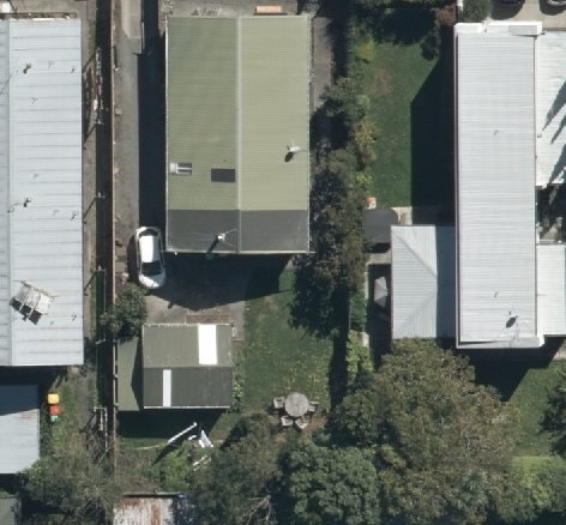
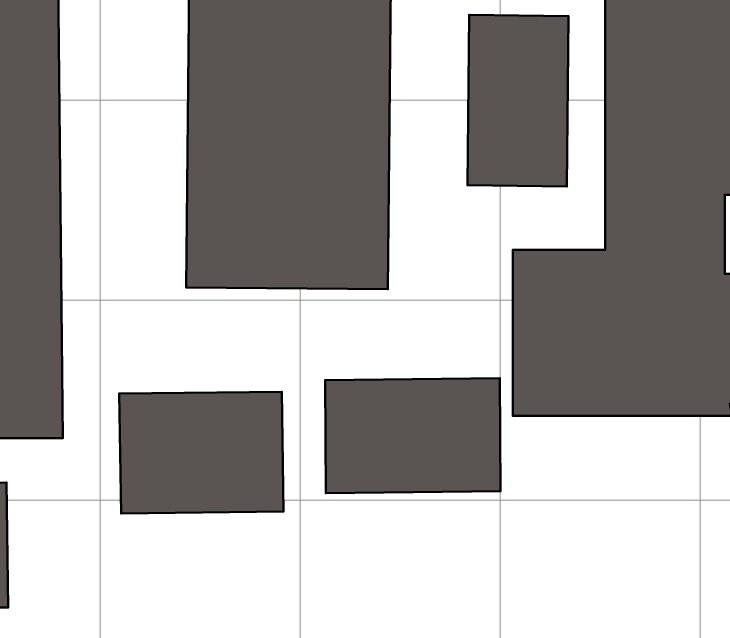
building: none -> [467,15,568,187]
building: none -> [325,378,501,493]

